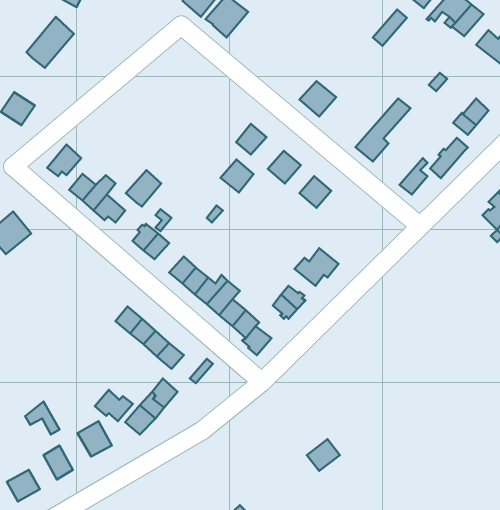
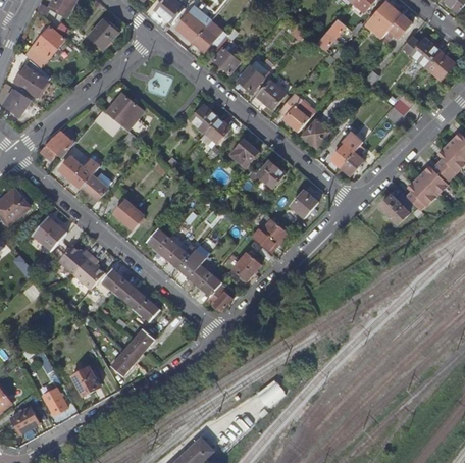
building: none -> [88,18,117,48]
building: none -> [194,20,223,52]
building: none -> [210,37,241,73]
building: none -> [18,60,54,98]
building: none -> [238,64,264,92]
building: none -> [278,94,314,132]
building: [430,138,468,178] -> [329,133,361,166]
building: [221,160,254,192] -> [187,103,214,131]
building: [126,170,161,207] -> [106,94,136,124]
building: none -> [289,189,317,217]
building: none -> [382,189,417,220]
building: none -> [34,217,67,251]
building: none -> [59,245,105,289]
building: [95,390,133,421] -> none

